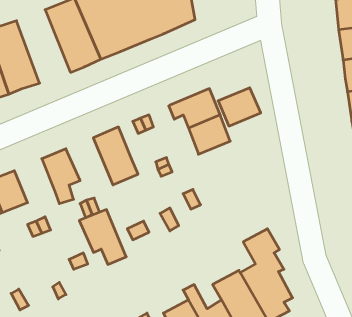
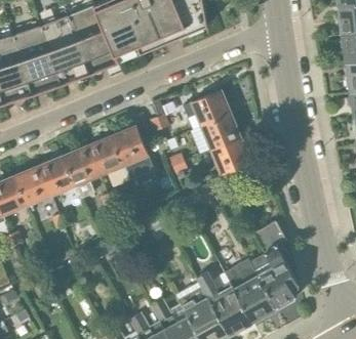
building: none -> [39,16,89,85]
building: [218,88,261,126] -> [209,139,249,175]
building: none -> [37,156,75,197]
building: [79,210,126,264] -> [85,136,129,187]

